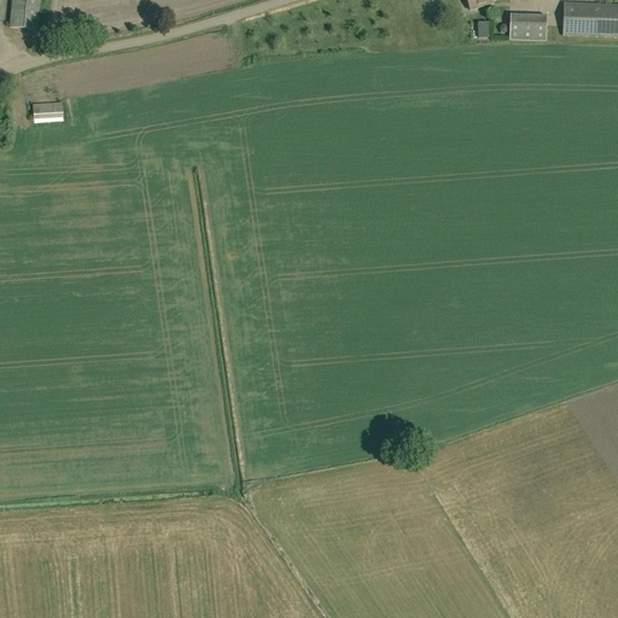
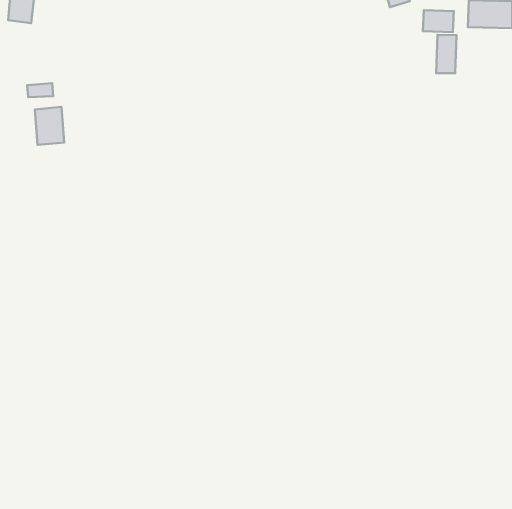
building: none -> [436,35,456,73]
building: none -> [35,107,64,145]

